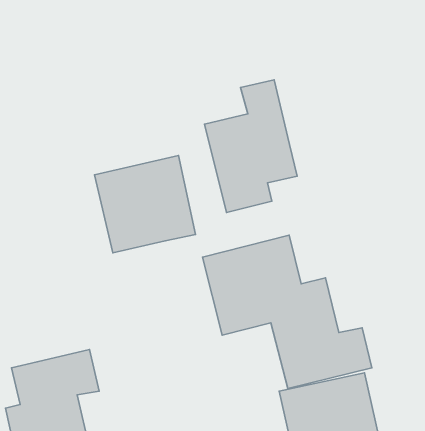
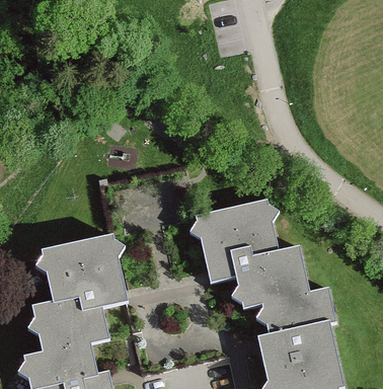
building: [205,80,297,213] -> none
building: [95,155,196,253] -> [41,229,125,310]

